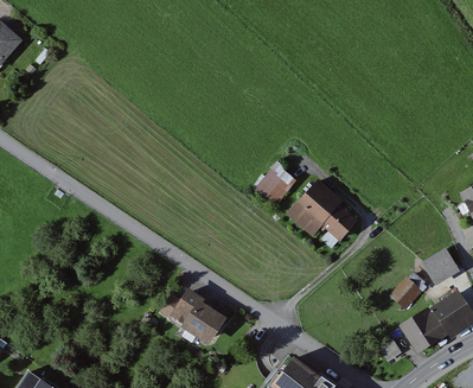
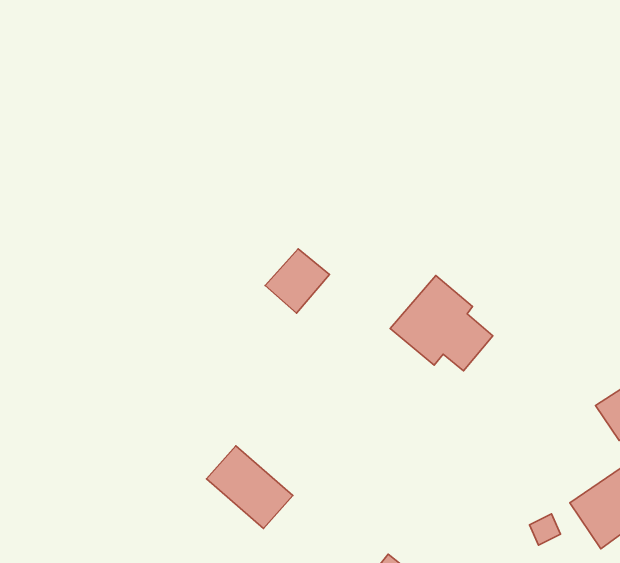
building: [256,164,298,205] -> [265,249,329,313]
building: [389,269,423,304] -> none

